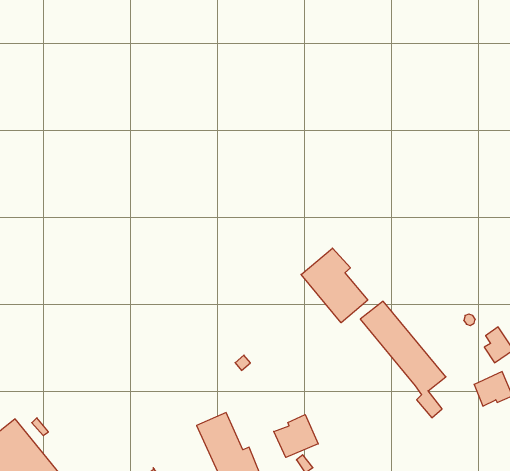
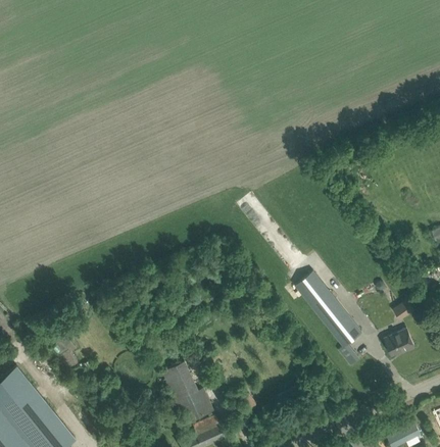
building: [301,248,368,323] -> none
building: [274,415,318,457] -> none

